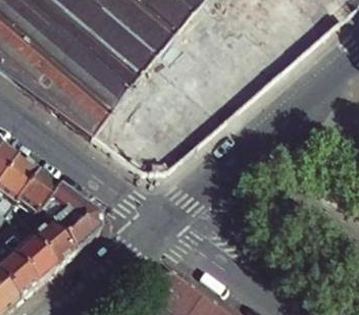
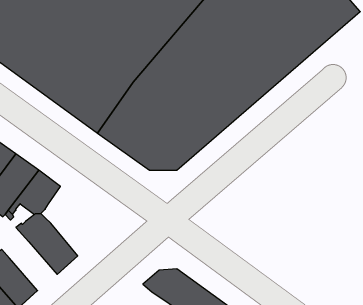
building: [46,185,99,250] -> none
building: [9,237,54,282] -> none

